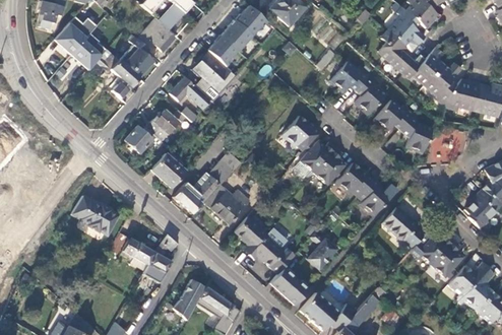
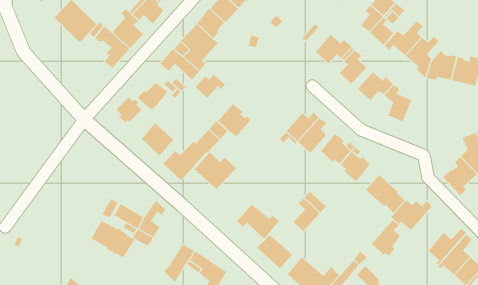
building: none -> [195,74,225,98]
building: [283,117,318,151] -> [217,103,252,137]
building: [433,126,467,162] -> none
building: [70,195,117,234] -> [90,220,135,258]
building: [235,217,267,252] -> none
building: [431,241,461,279] -> [371,219,401,257]

